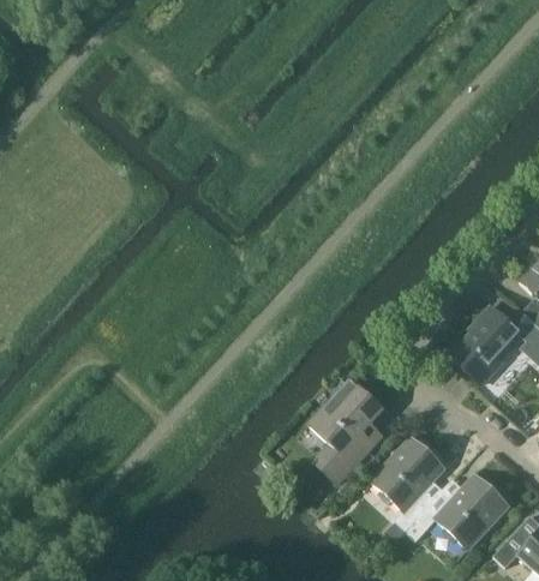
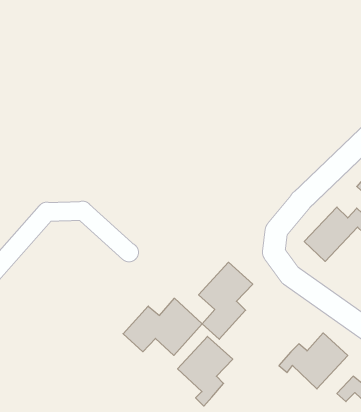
building: none -> [123,298,202,355]
building: [372,437,445,529] -> [178,336,233,406]

